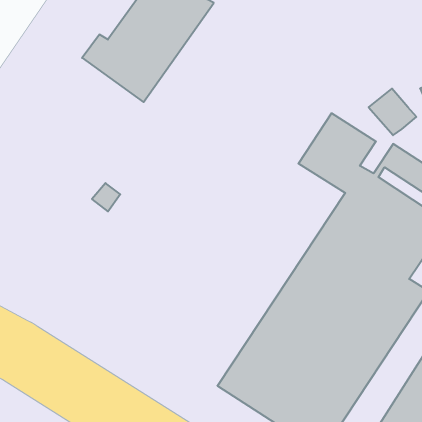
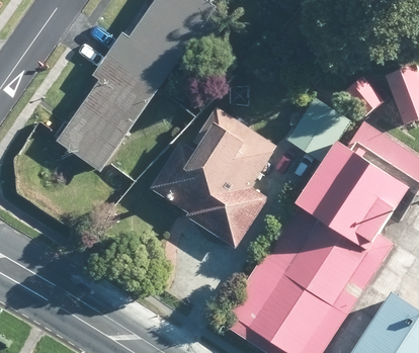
building: none -> [57,52,159,172]
building: none -> [151,107,276,248]

